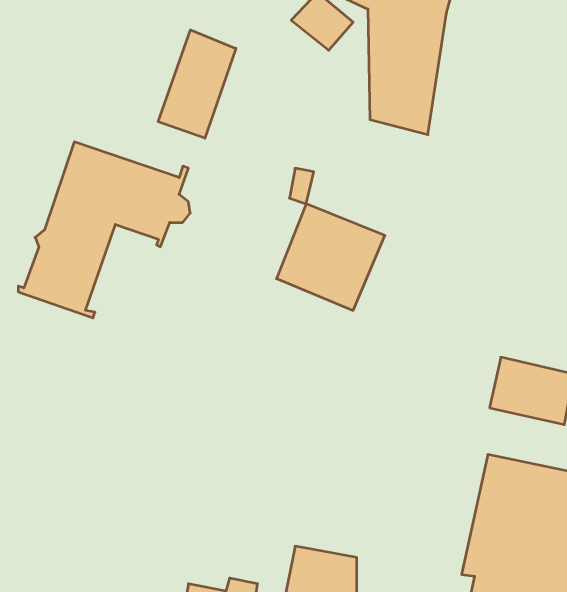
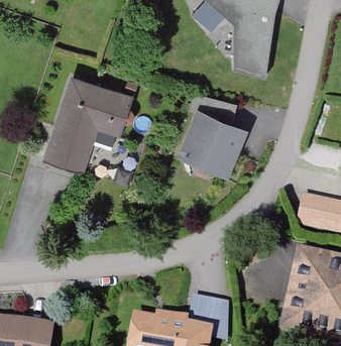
building: [158,30,236,138] -> none

